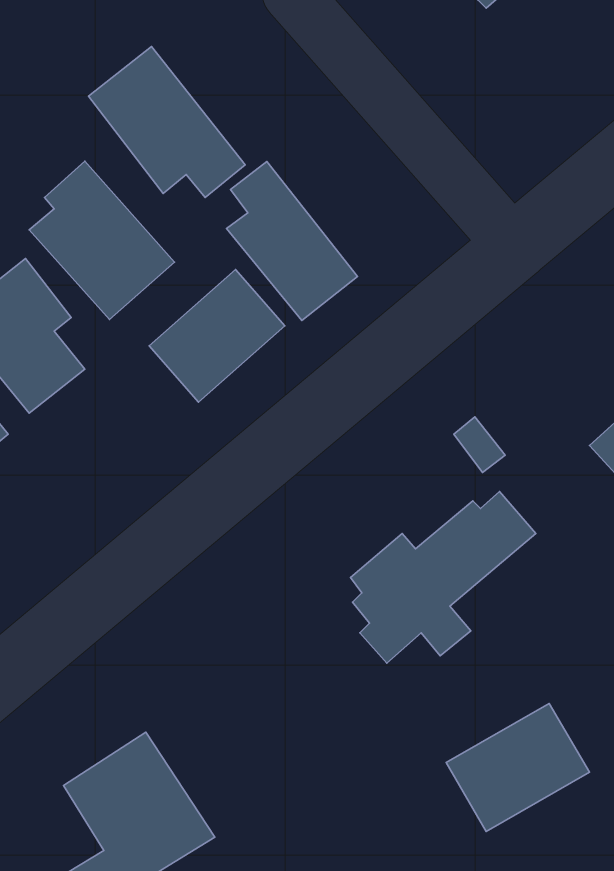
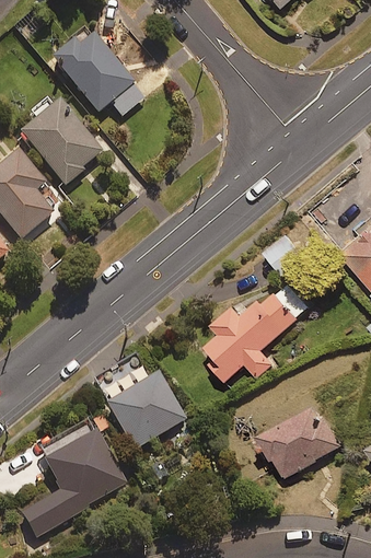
building: [227,162,358,321] -> none
building: [149,270,285,402] -> none
building: none -> [94,356,186,449]

